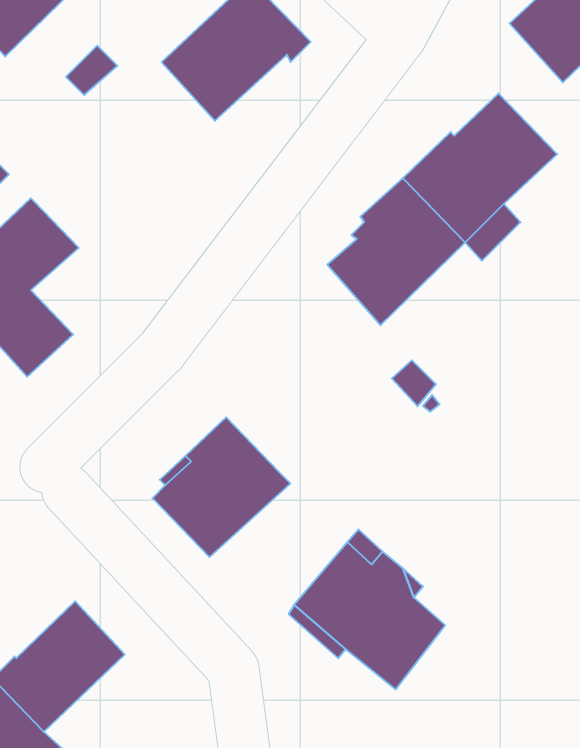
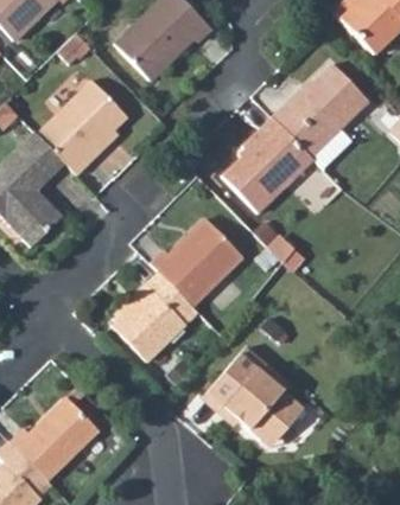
building: none -> [36,79,126,174]
building: none -> [151,216,246,307]

